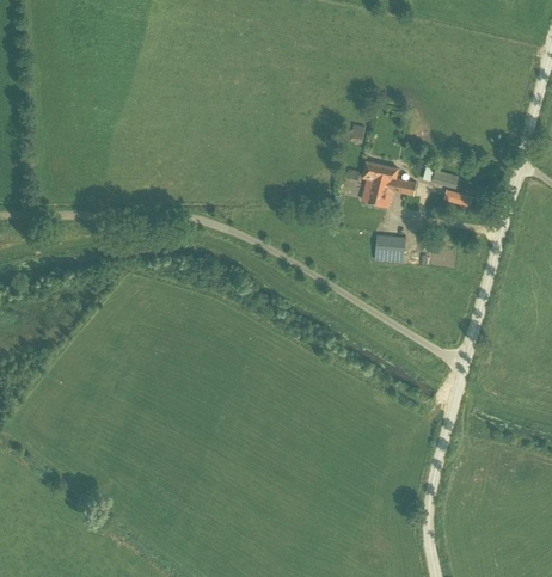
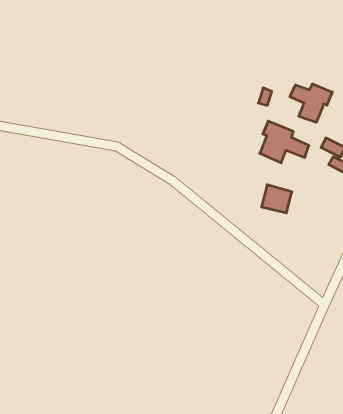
building: none -> [290,84,332,122]

